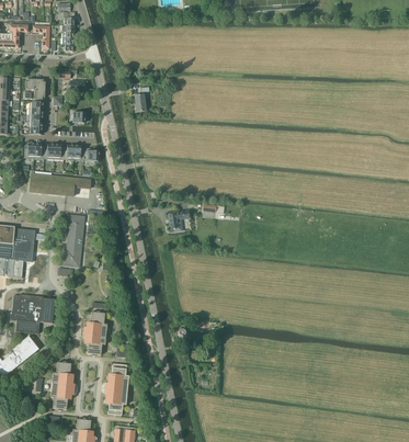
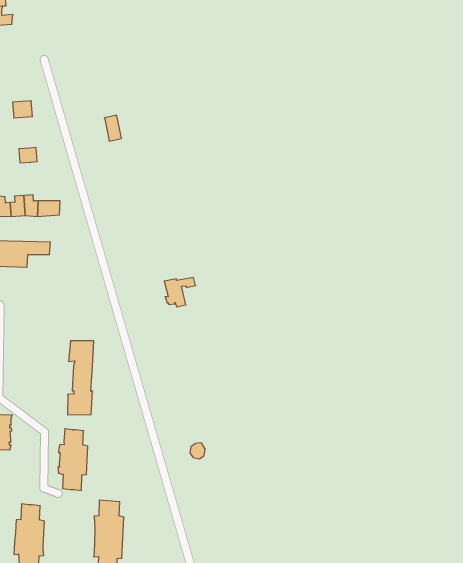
building: [63,214,84,267] -> [68,341,94,415]

